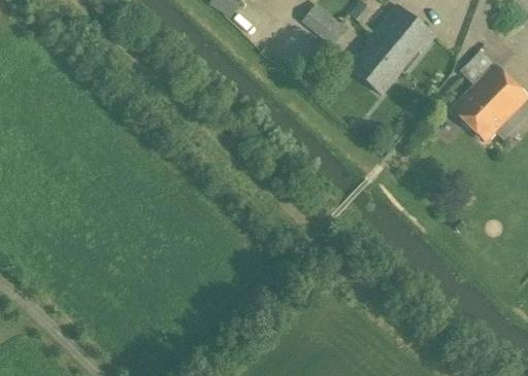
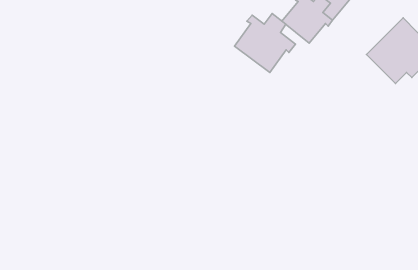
building: none -> [234,13,295,72]

